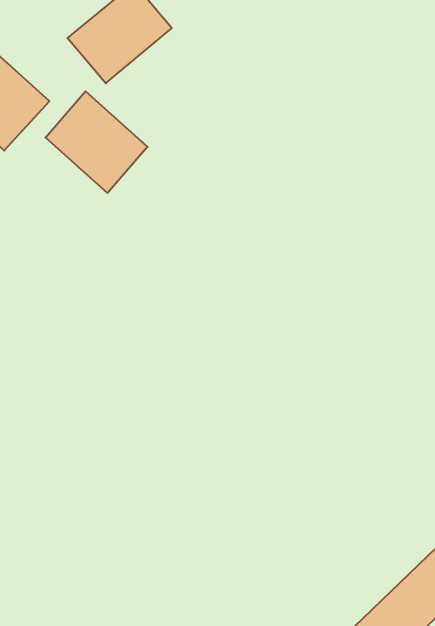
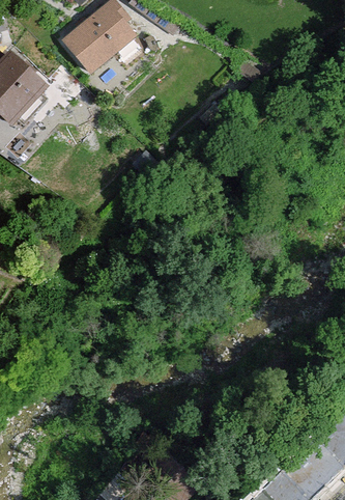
building: [45,91,148,193] -> none

